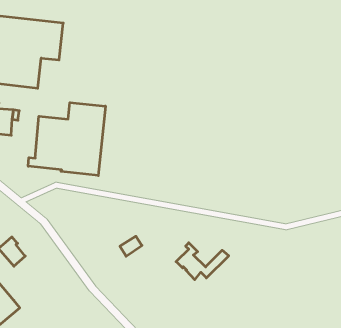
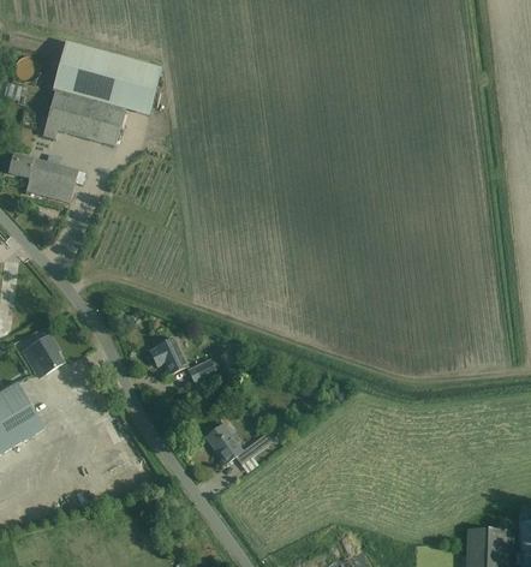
building: [28,103,105,176] -> none
building: none -> [149,338,187,374]
building: [176,243,229,280] -> [204,414,274,464]

